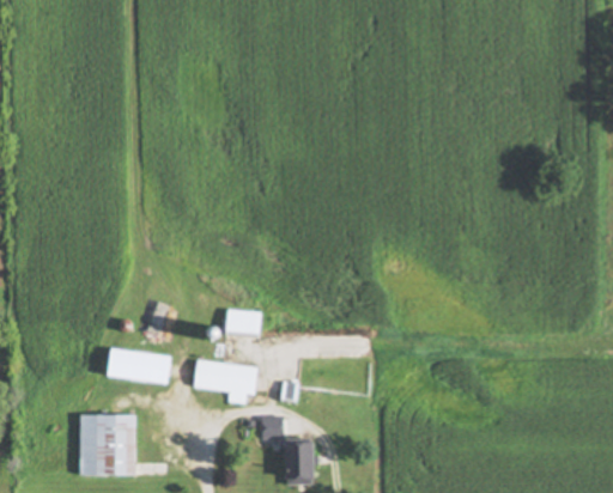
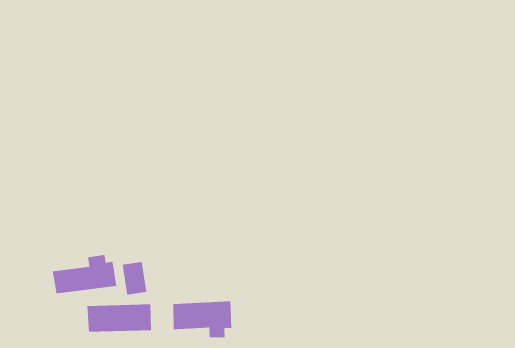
building: none -> [52,254,117,294]
building: [221,305,261,337] -> none

